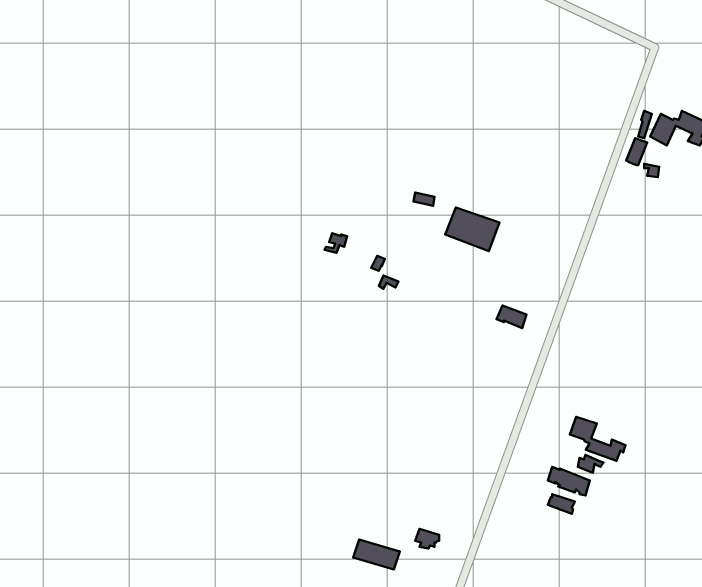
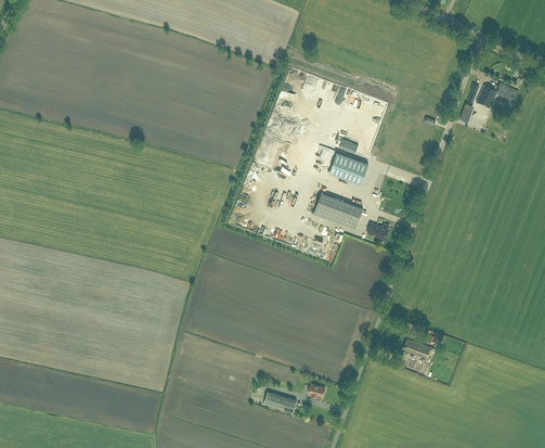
building: none -> [313,192,362,228]
building: [570,417,625,461] -> none

